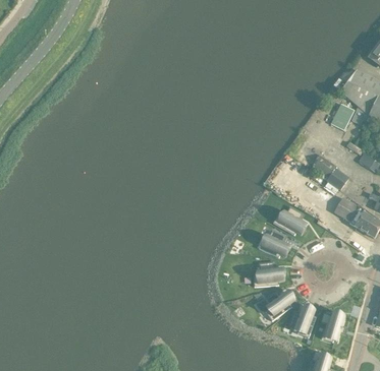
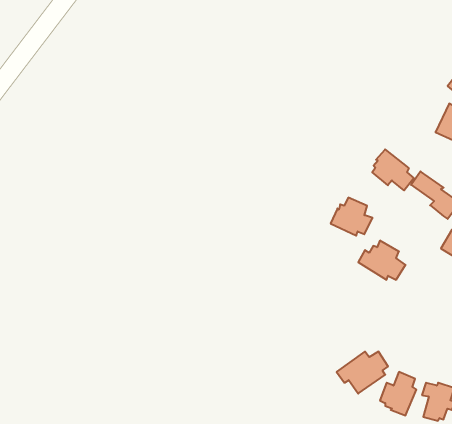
building: none -> [372,149,414,190]
building: [259,229,290,257] -> [331,198,373,236]
building: [253,261,283,286] -> none

